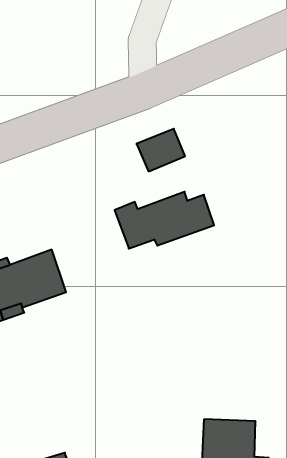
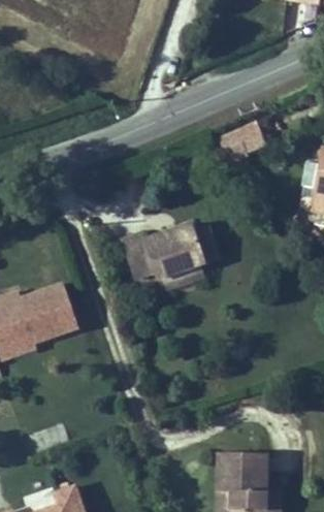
building: [136,129,185,171] -> [220,119,269,162]

